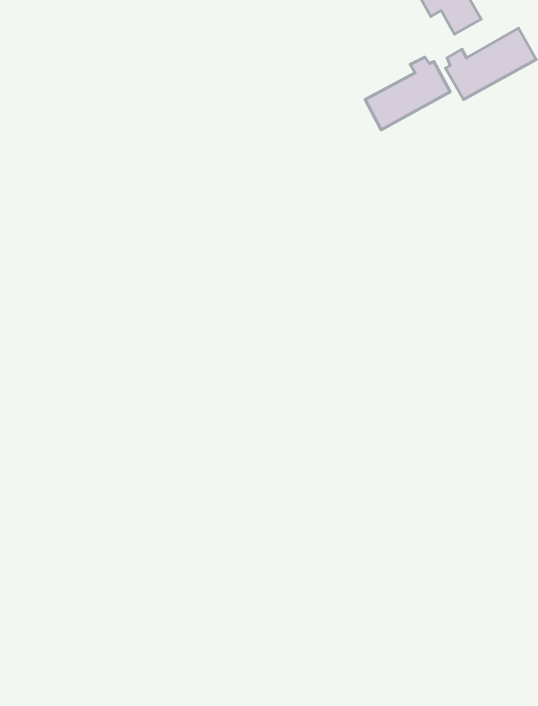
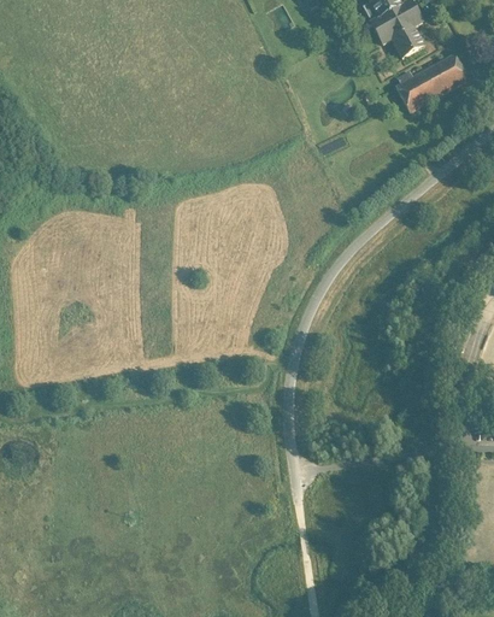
building: [365,57,450,130] -> none

